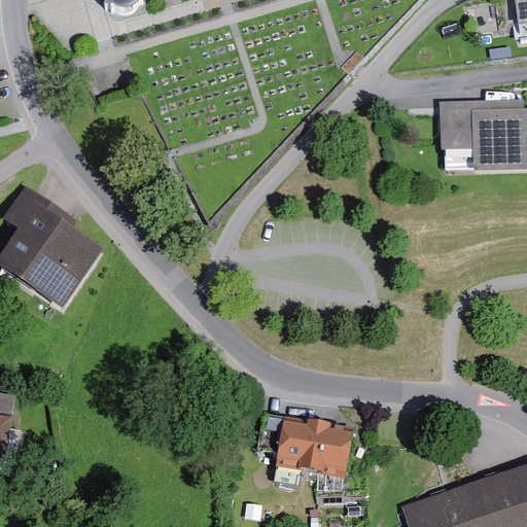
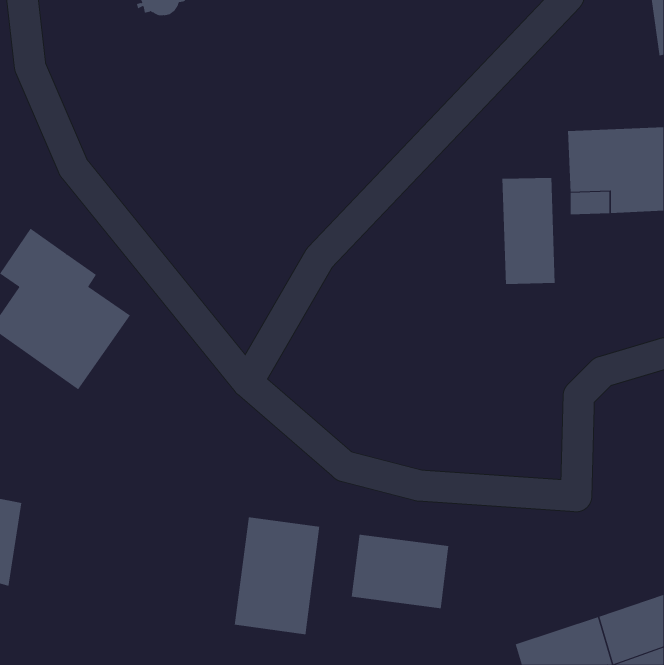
building: none -> [502,177,555,285]
building: none -> [234,516,320,635]

